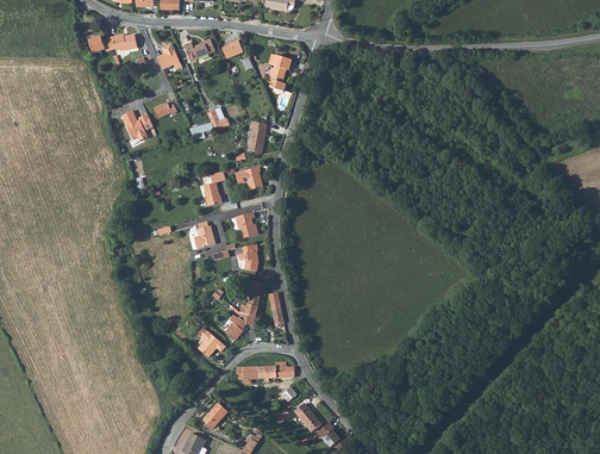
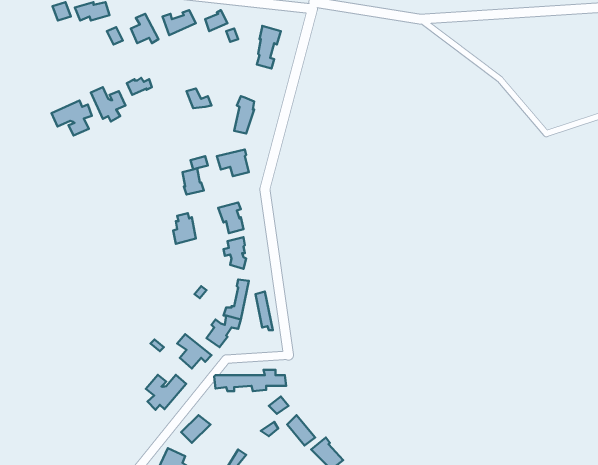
building: none -> [52,101,92,136]
building: none -> [146,375,186,410]

